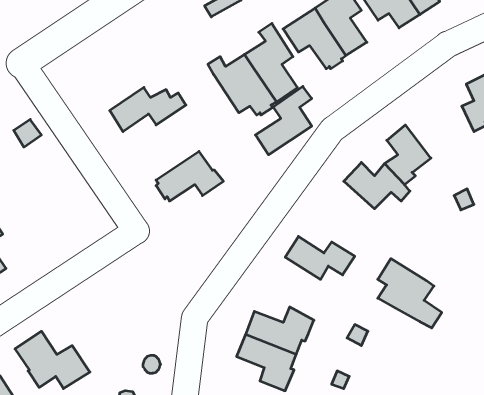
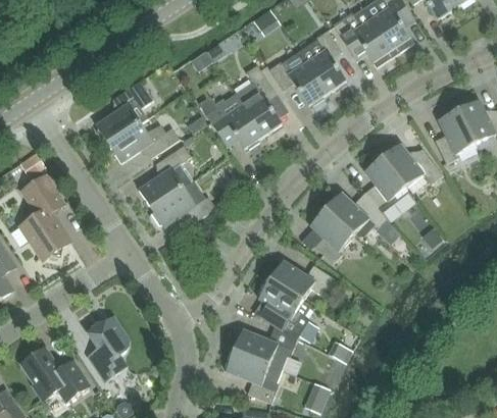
building: none -> [95,81,152,144]
building: [255,86,312,155] -> [139,145,191,208]
building: none -> [382,143,442,188]
building: none -> [20,175,70,260]
building: none -> [309,209,353,263]
building: [378,259,442,328] -> [258,279,317,344]
building: none -> [88,316,128,381]

